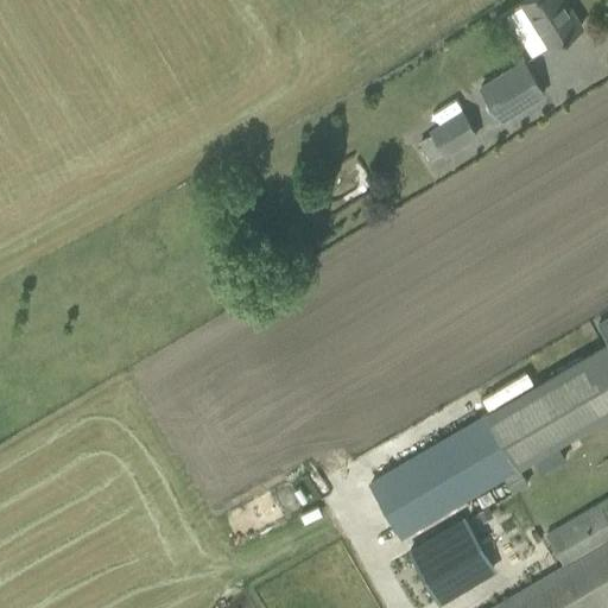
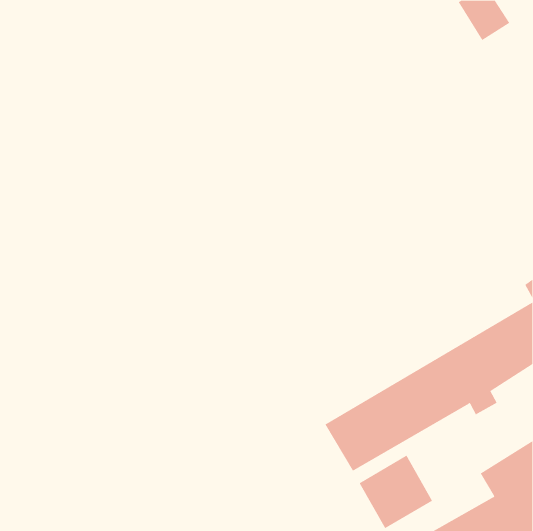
building: [481,63,544,122] -> none
building: [418,115,476,164] -> none

